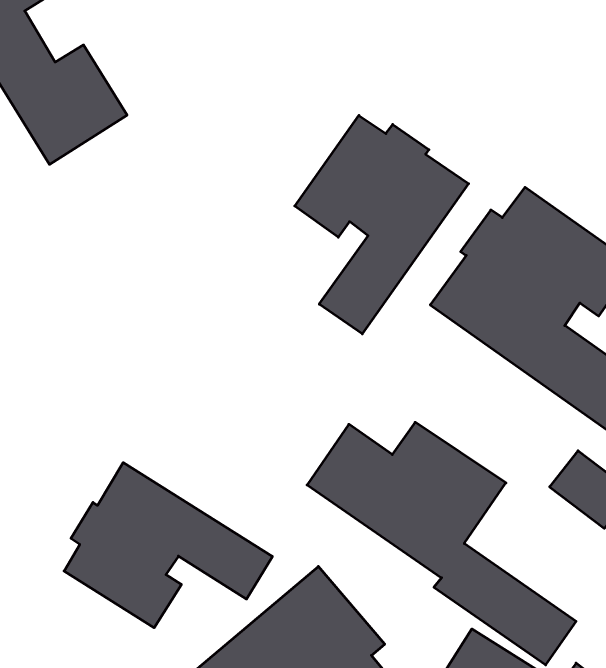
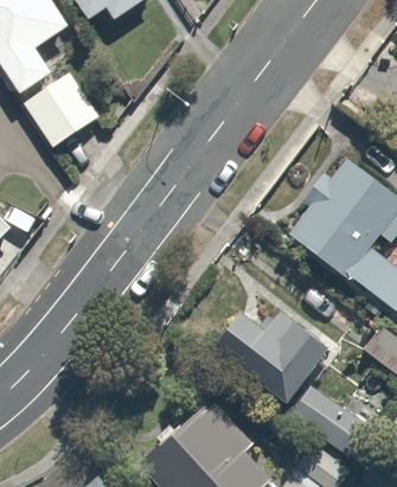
building: [295,115,469,334] -> none
building: [64,463,272,628] -> none

